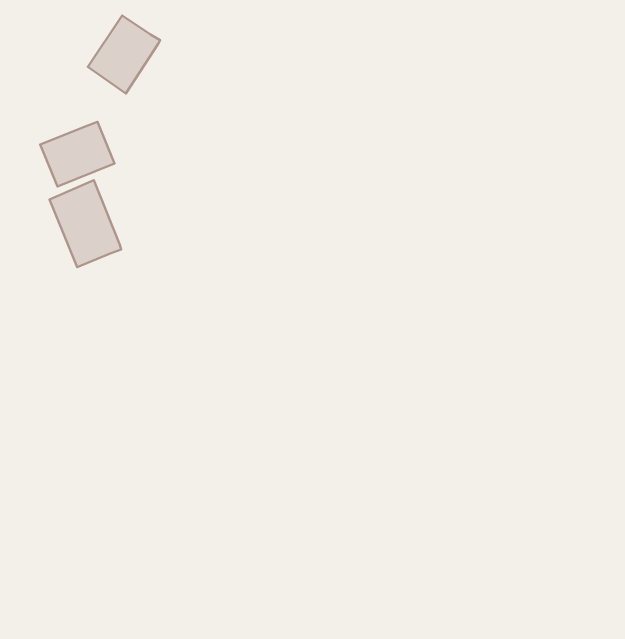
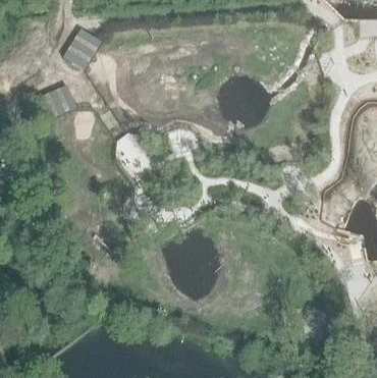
building: [50,180,121,267] -> none

